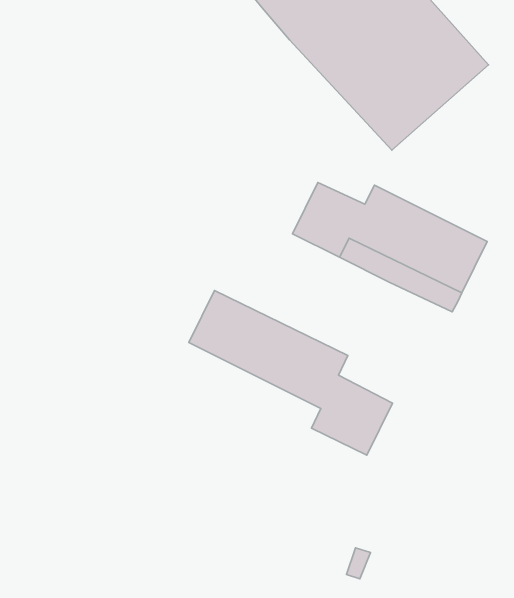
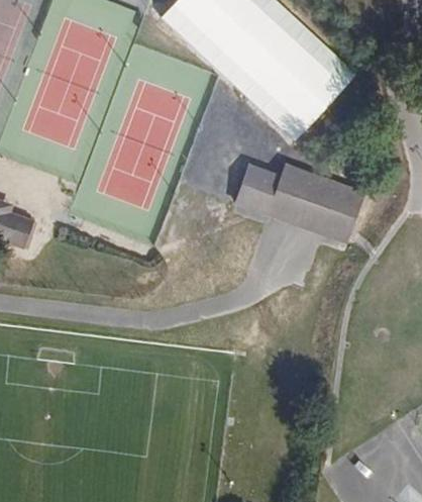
building: [189,290,392,455] -> none

